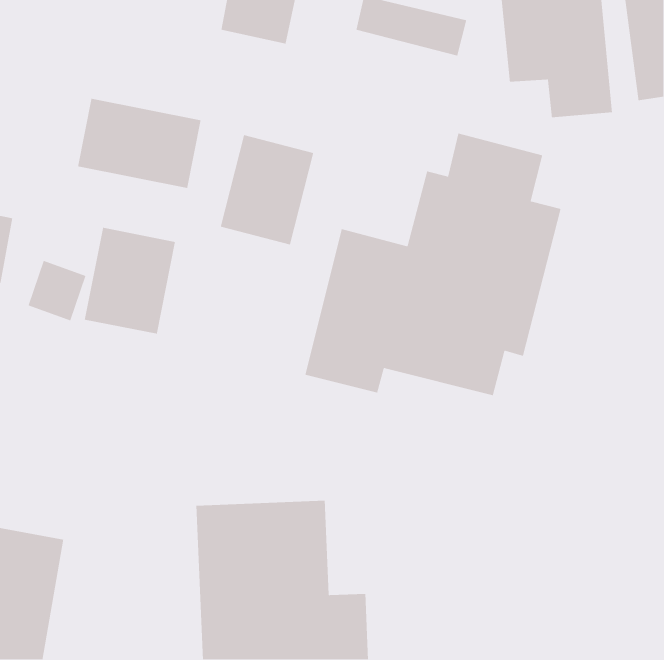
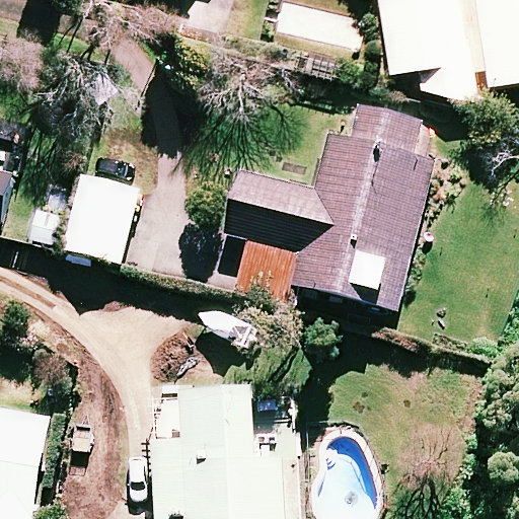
building: [77,98,202,189] -> none
building: [220,134,314,245] -> none

